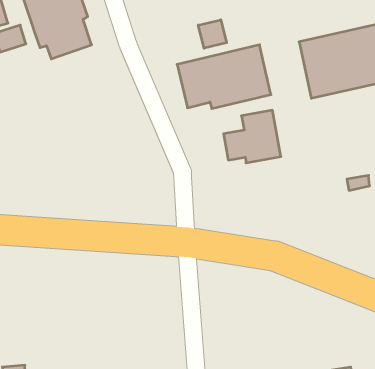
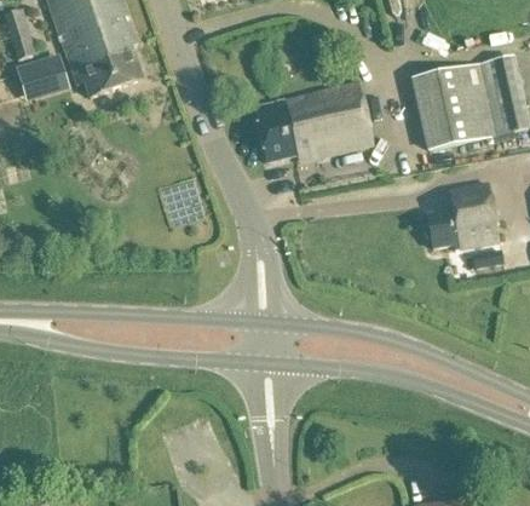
building: [198,20,227,48] -> none
building: [224,110,281,163] -> [427,182,501,249]

